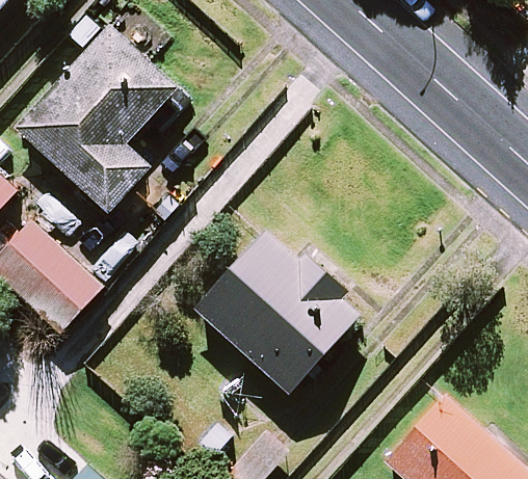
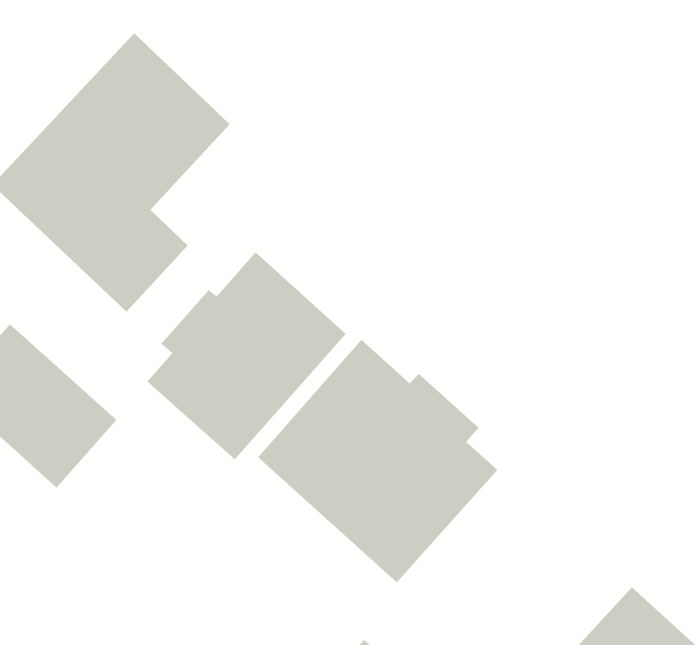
building: none -> [147,252,346,460]

